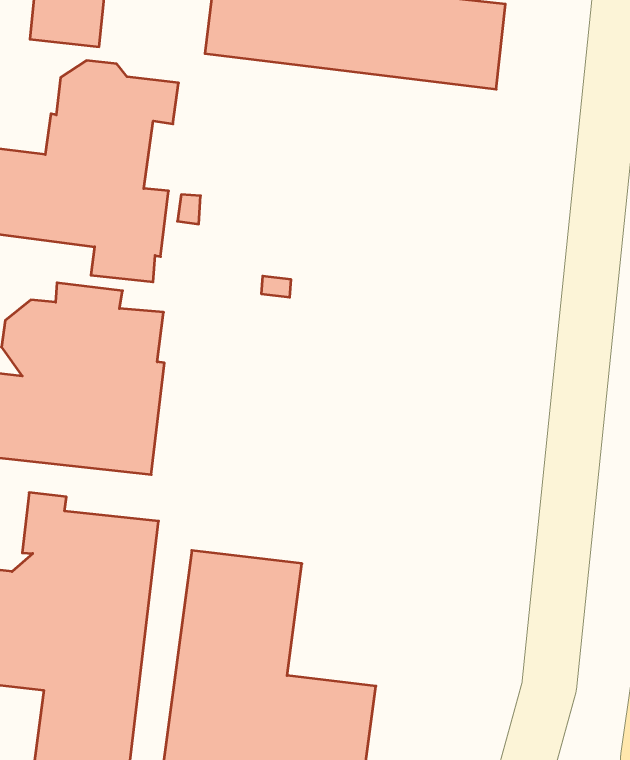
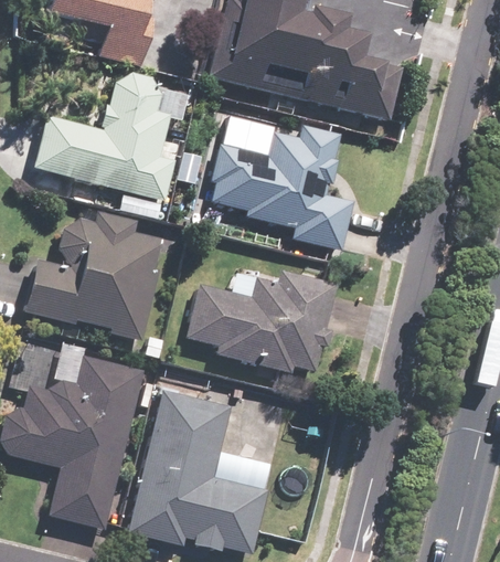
building: none -> [211,124,354,251]
building: none -> [188,269,338,378]

